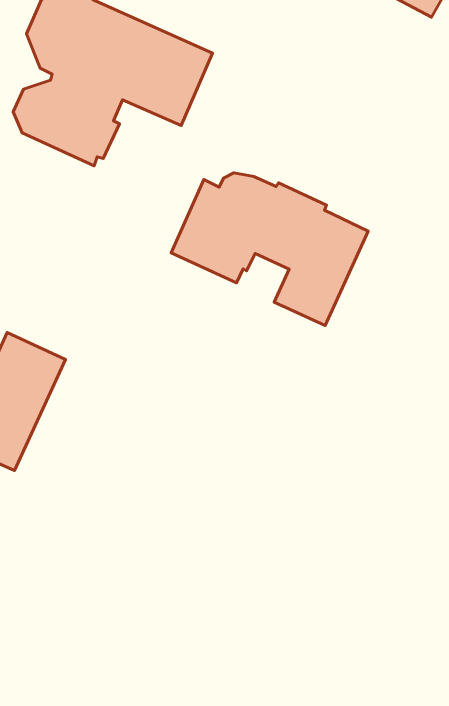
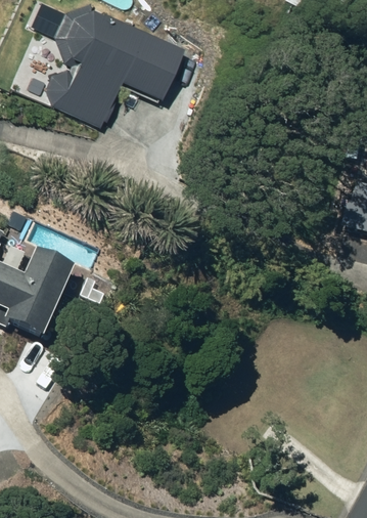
building: [171,173,368,326] -> none

